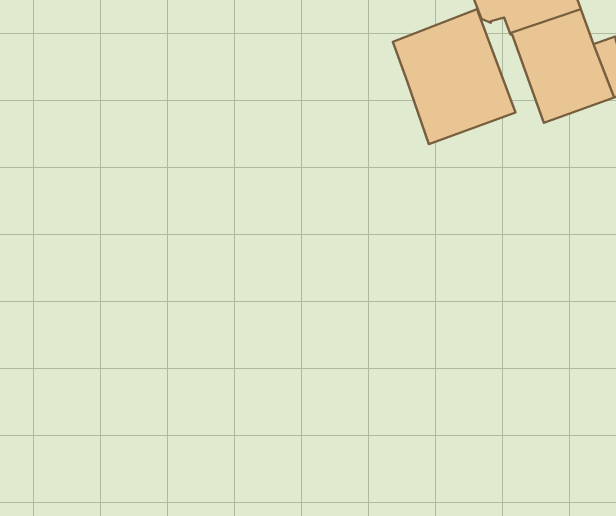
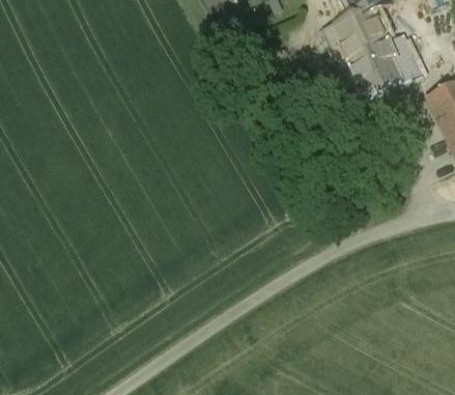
building: [393,9,515,144] -> none

